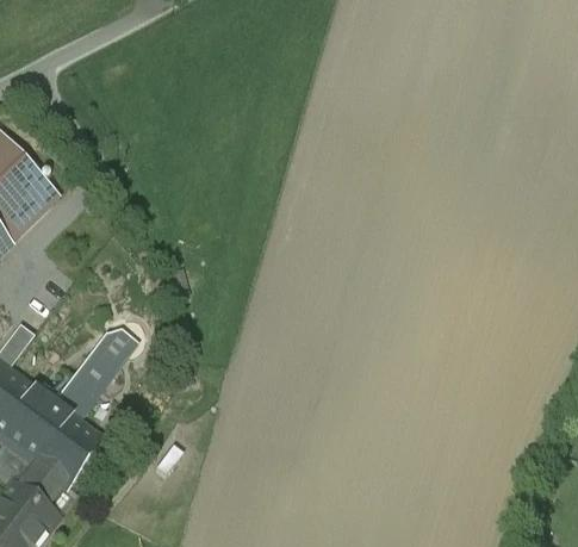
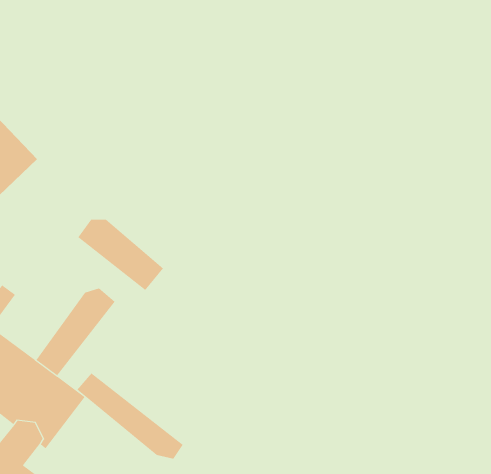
building: none -> [77,219,164,291]
building: none -> [77,372,184,459]

